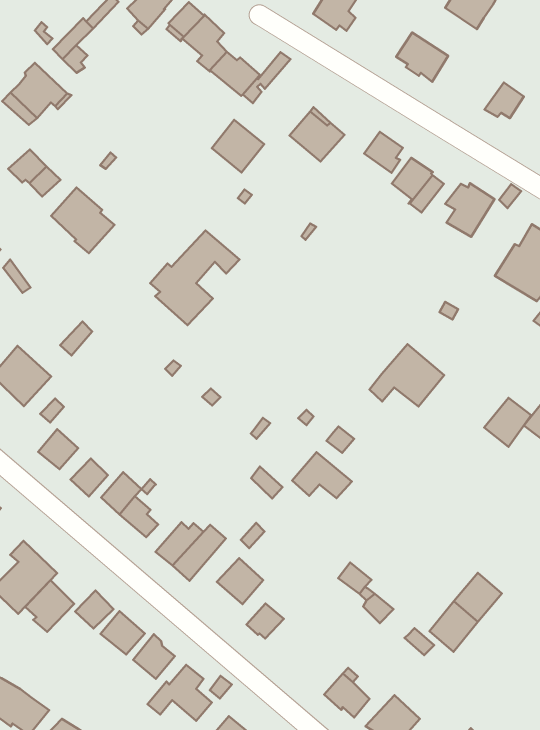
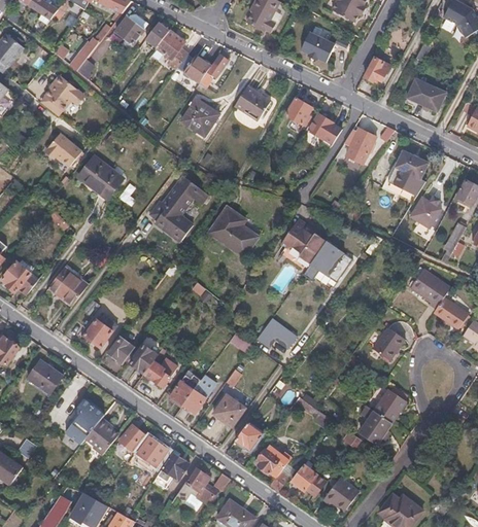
building: none -> [210,207,257,255]
building: none -> [281,216,328,261]
building: [484,398,531,447] -> [374,326,405,359]
building: none -> [255,445,293,490]

